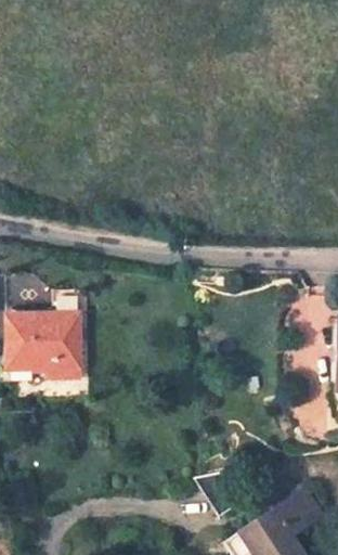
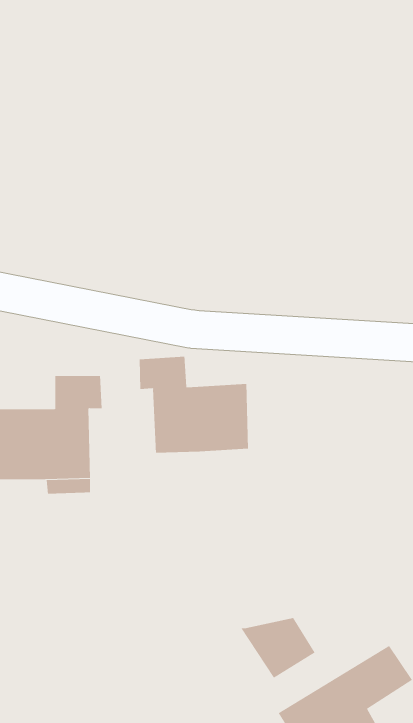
building: none -> [139,356,248,454]

